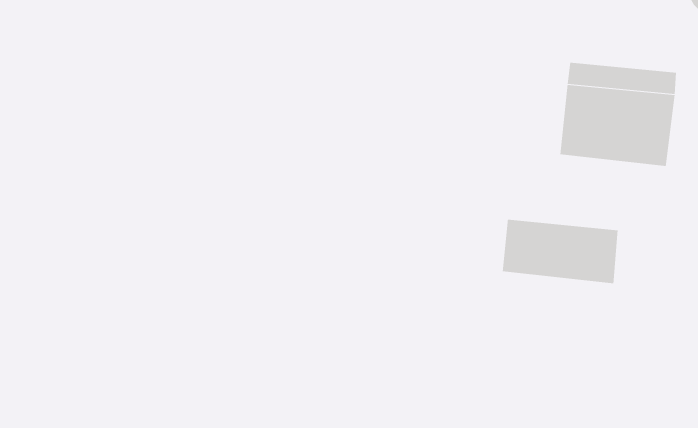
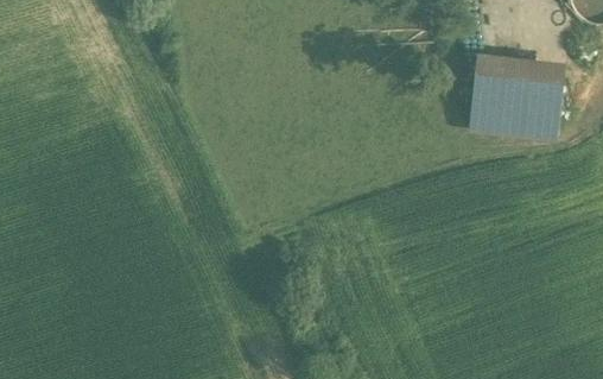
building: [502,219,618,284] -> none

